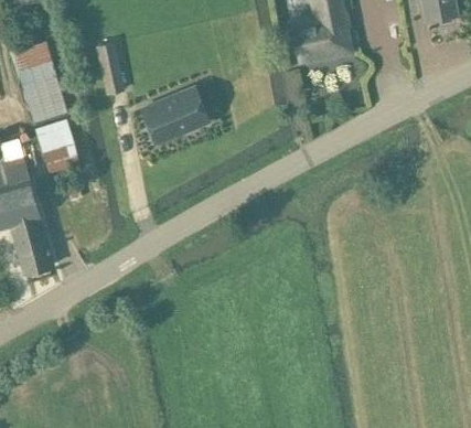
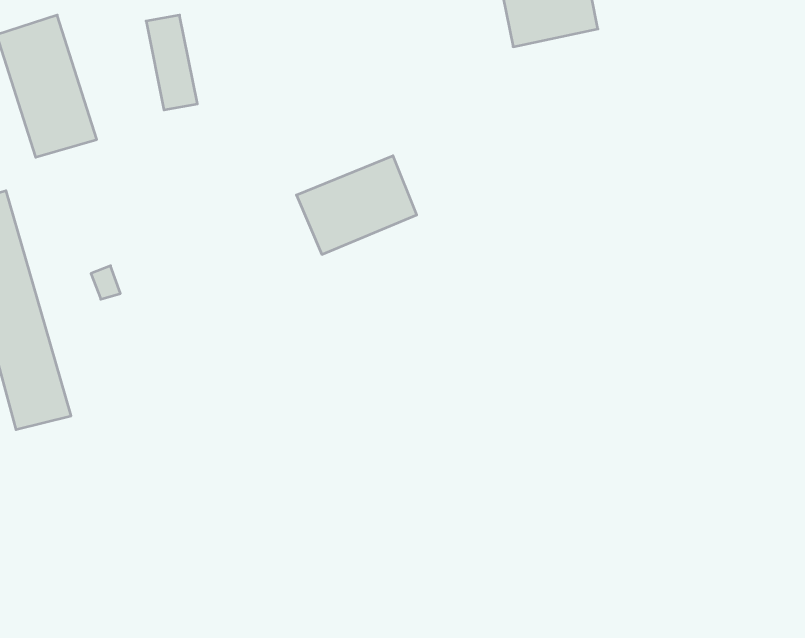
building: [141,88,208,143] -> [296,156,417,254]
building: [34,121,79,175] -> none

